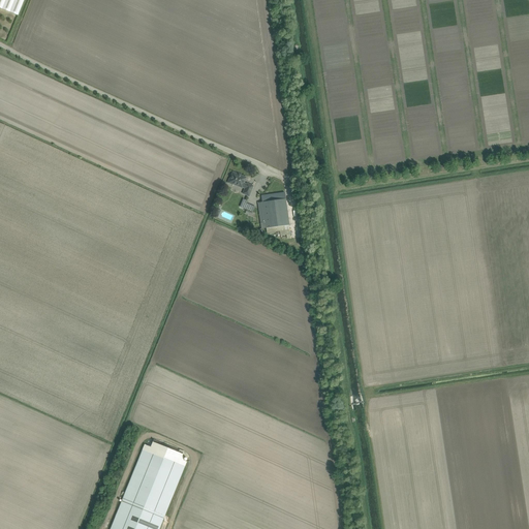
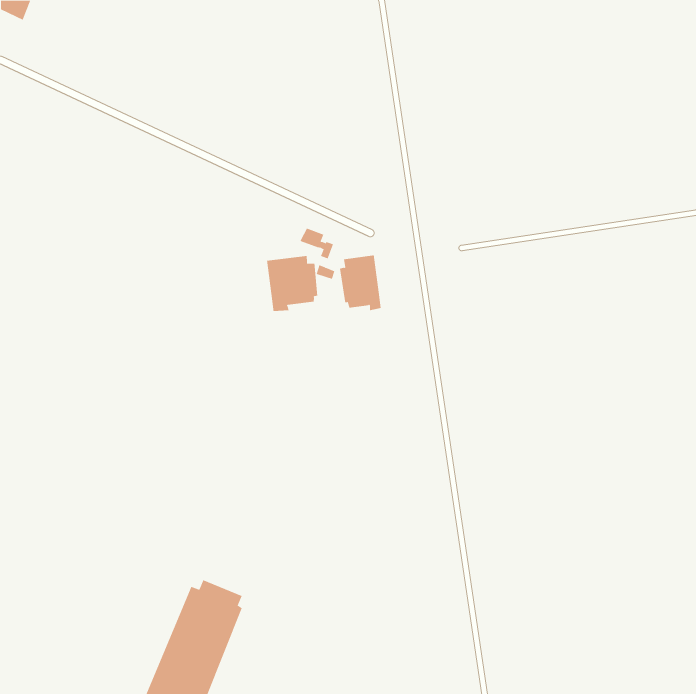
building: none -> [266,255,318,312]

